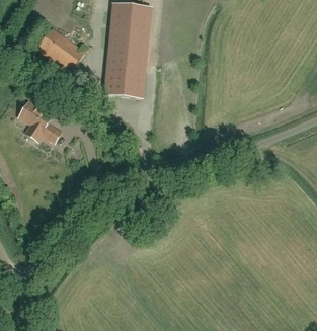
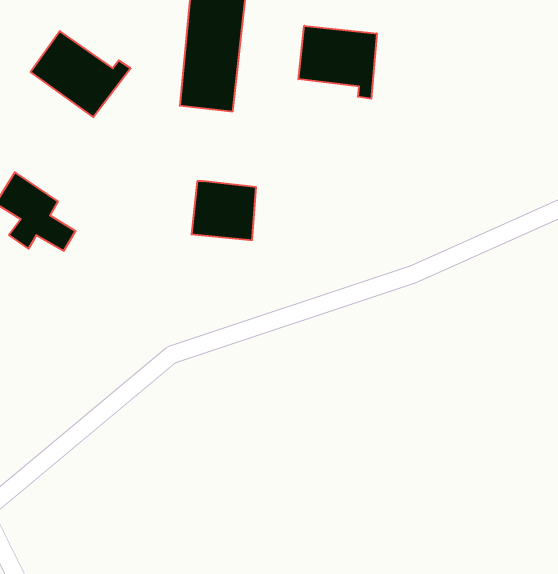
building: none -> [298,26,377,99]
building: [106,66,140,96] -> [191,181,256,240]

